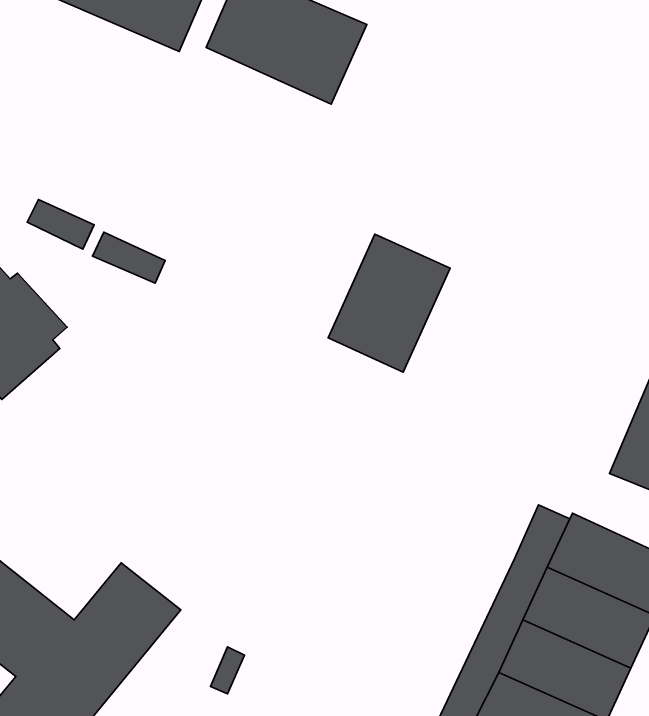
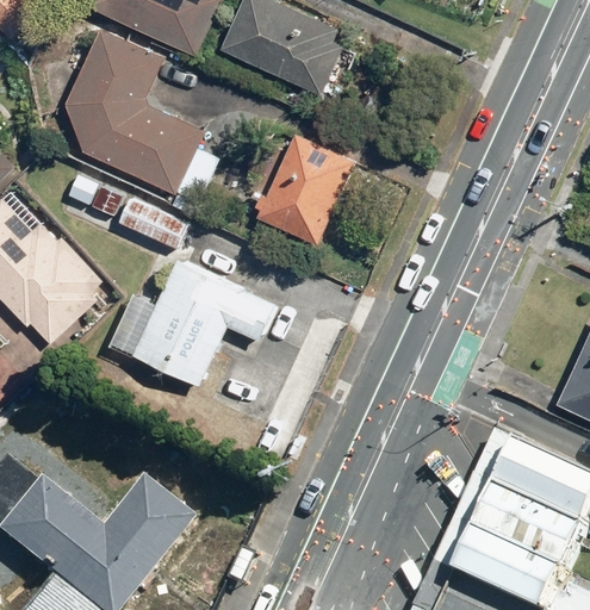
building: none -> [64,27,201,193]
building: [328,234,450,372] -> [255,130,358,245]
building: none -> [122,262,268,392]

